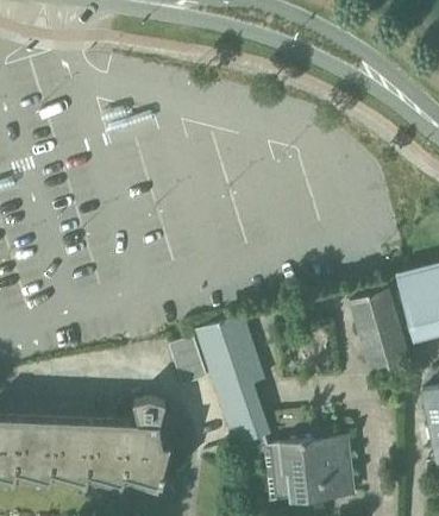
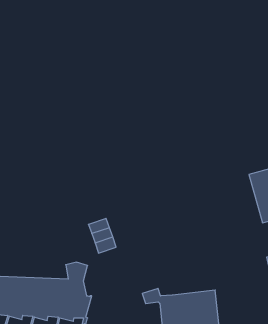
building: [349,290,409,377] -> none
building: [196,314,269,446] -> none

